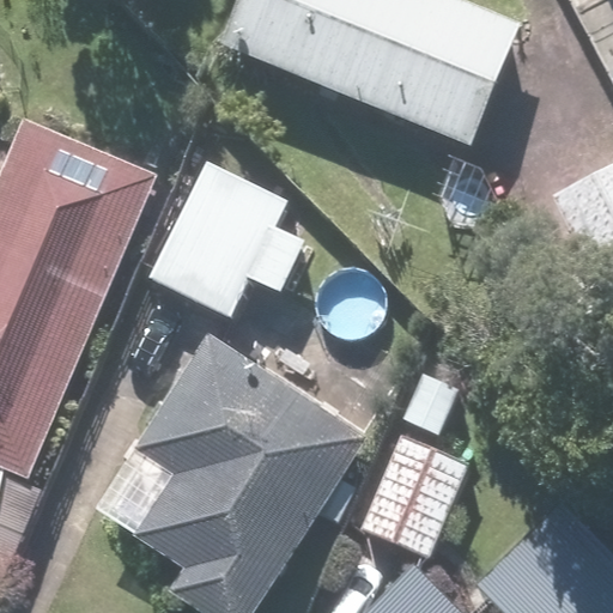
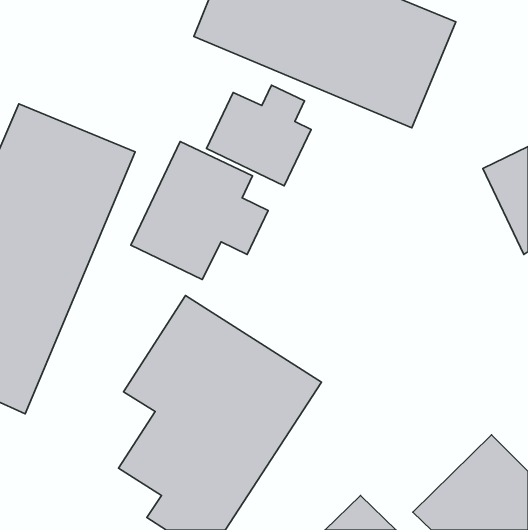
building: none -> [207,85,311,186]
building: [357,430,468,556] -> none

